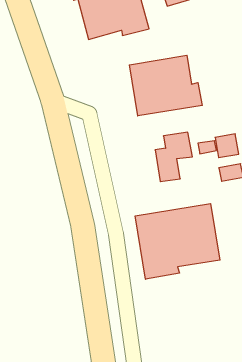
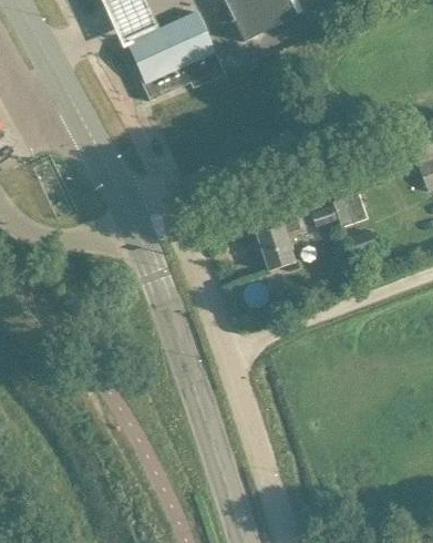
building: [129,55,202,116] -> none
building: [135,204,220,279] -> none

